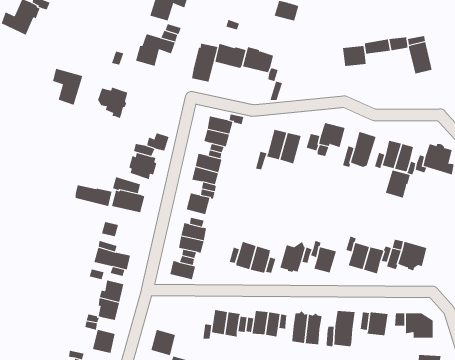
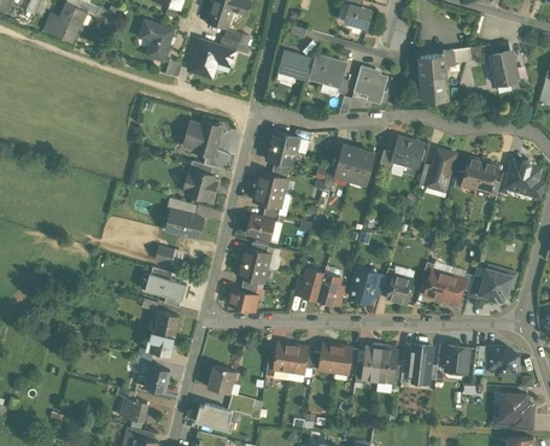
building: [191,43,218,82] -> none
building: none -> [353,65,387,102]
building: none -> [421,75,447,102]
building: [52,68,83,105] -> [141,20,175,61]
building: [97,87,128,119] -> [187,122,221,157]
building: [385,170,411,199] -> none
building: [75,184,112,207] -> none

